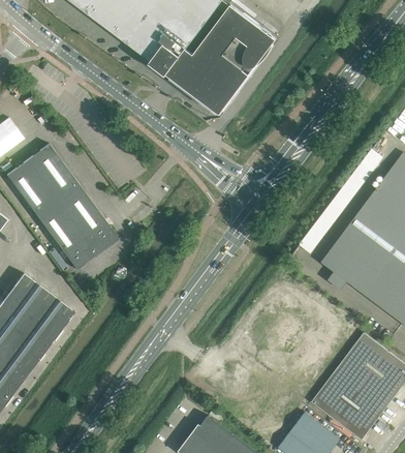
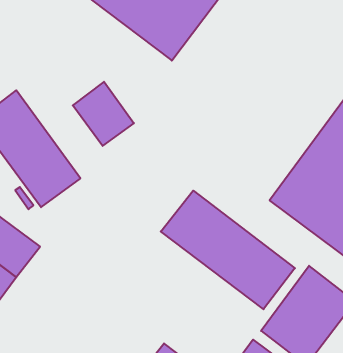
building: none -> [73,82,134,146]
building: none -> [161,191,295,309]

